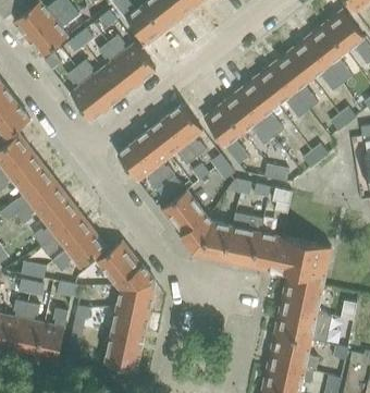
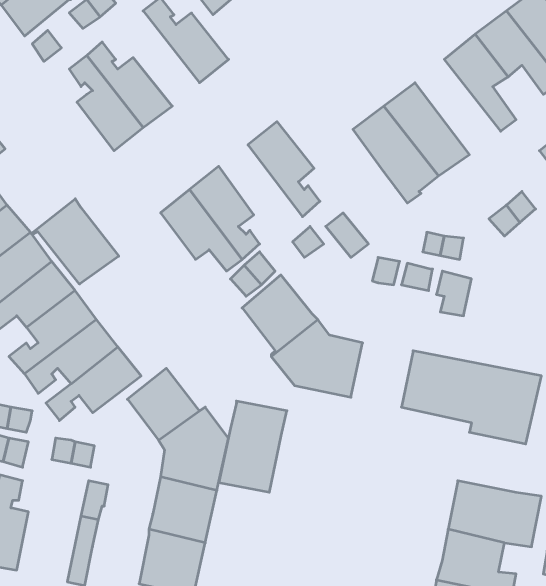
building: [98,42,139,96] -> none
building: [260,70,308,123] -> none
building: [208,109,247,162] -> none
building: [150,118,197,165] -> none
building: none -> [31,199,119,284]
building: [224,213,262,265] -> [219,401,287,492]
building: [284,279,322,312] -> none
building: [37,309,67,360] -> none

